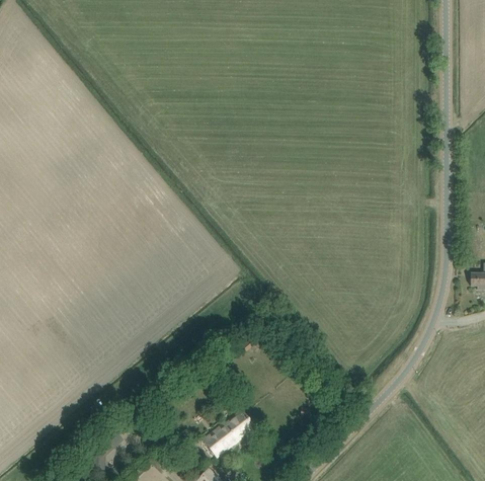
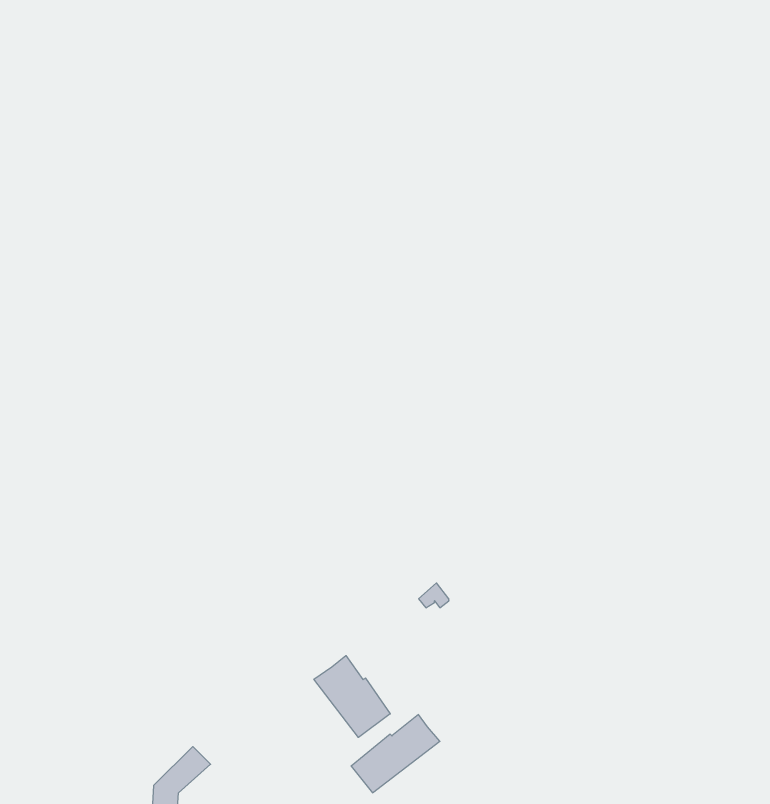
building: none -> [314,656,390,737]

